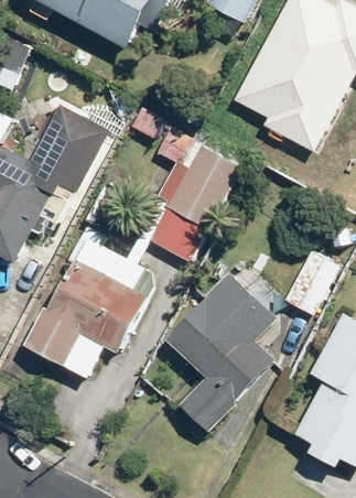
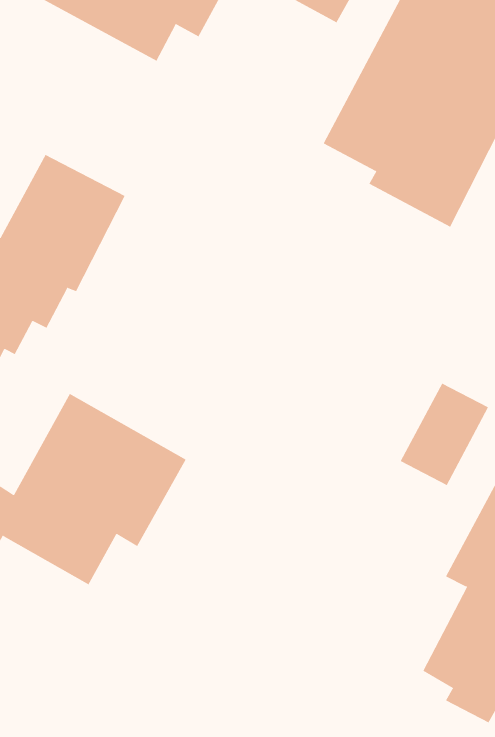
building: [127,107,251,264] -> none
building: [163,270,272,434] -> none

